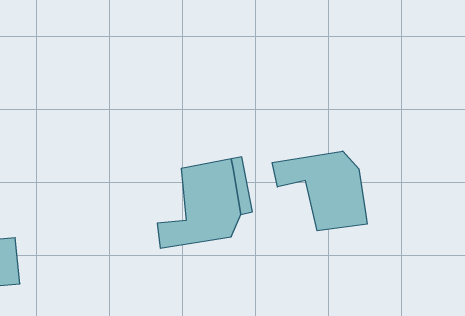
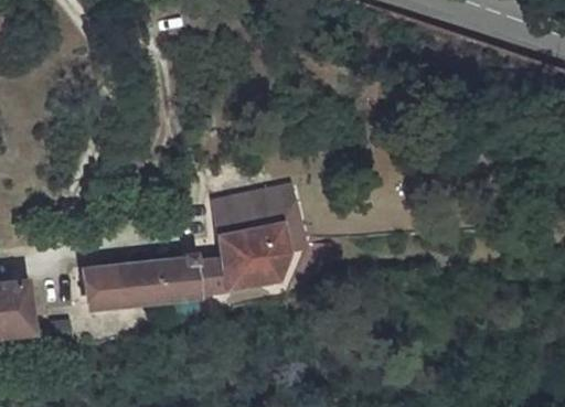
building: [272,151,367,231] -> none
building: none -> [94,264,195,303]

